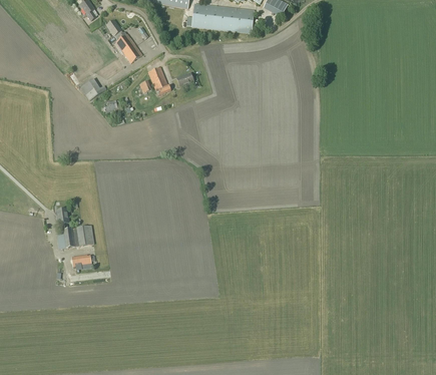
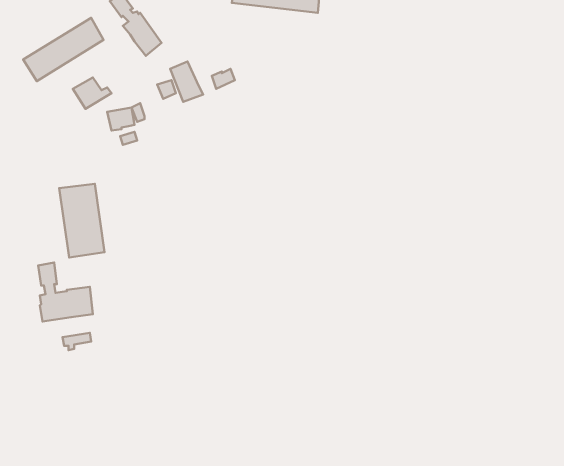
building: none -> [23,18,104,81]
building: none -> [59,184,105,258]

